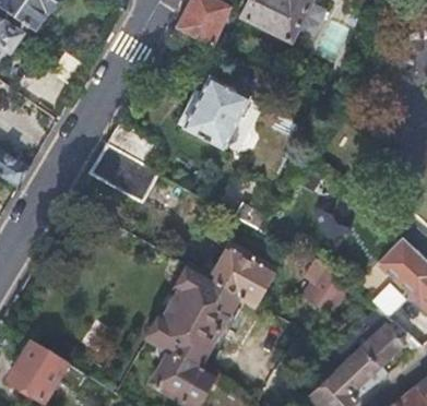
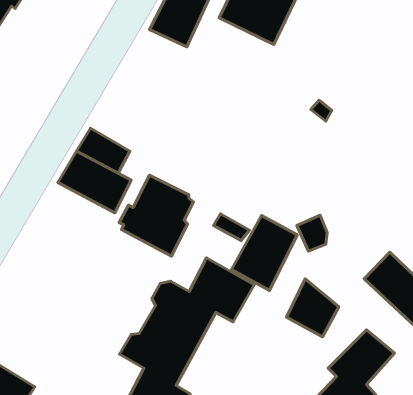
building: [178,74,248,151] -> [119,175,193,256]
building: none -> [231,215,297,290]

